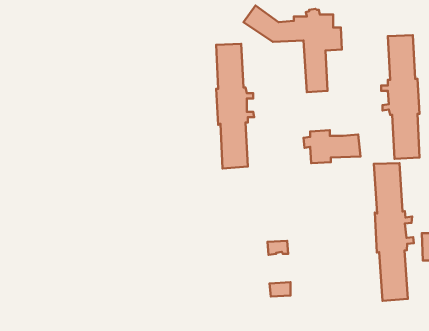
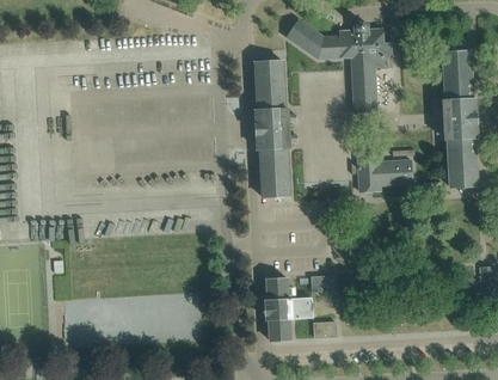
building: [374,163,414,301] -> none
building: none -> [265,277,313,339]

